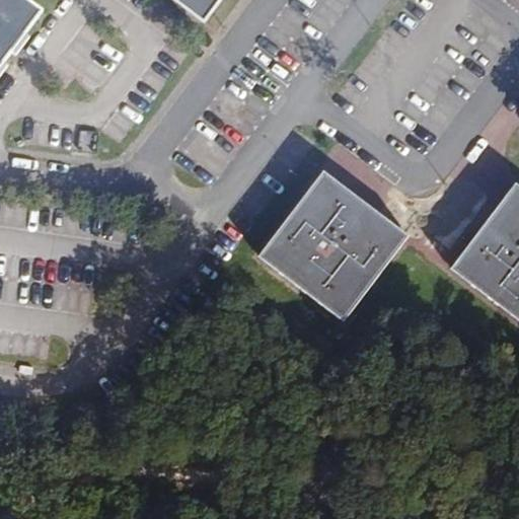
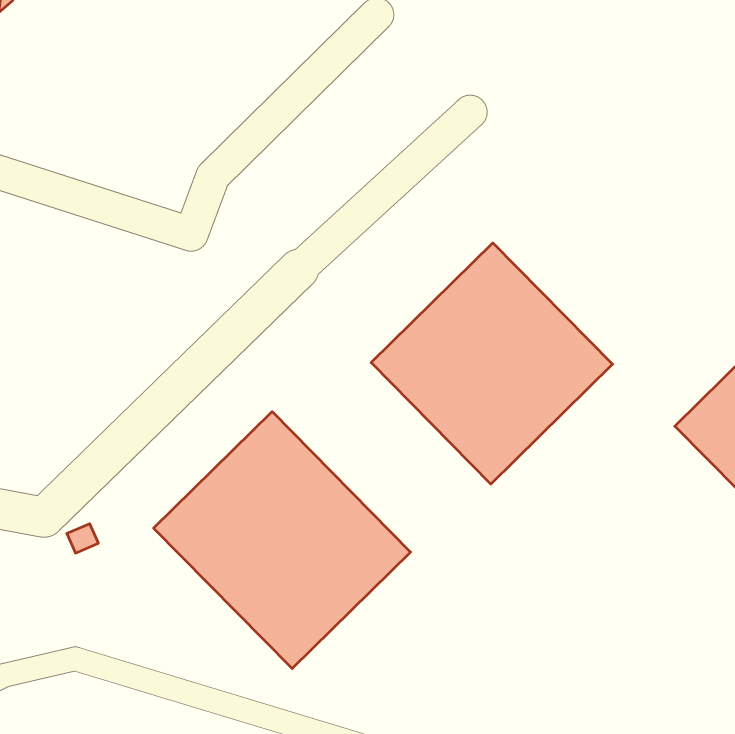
building: none -> [154,412,411,669]

